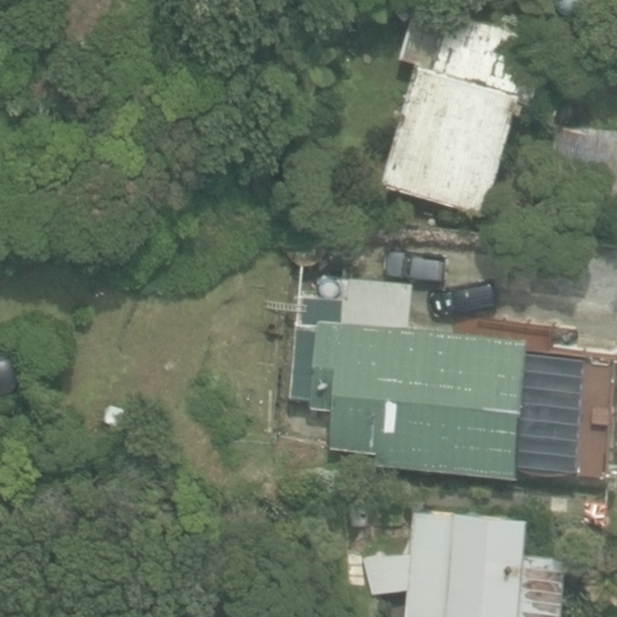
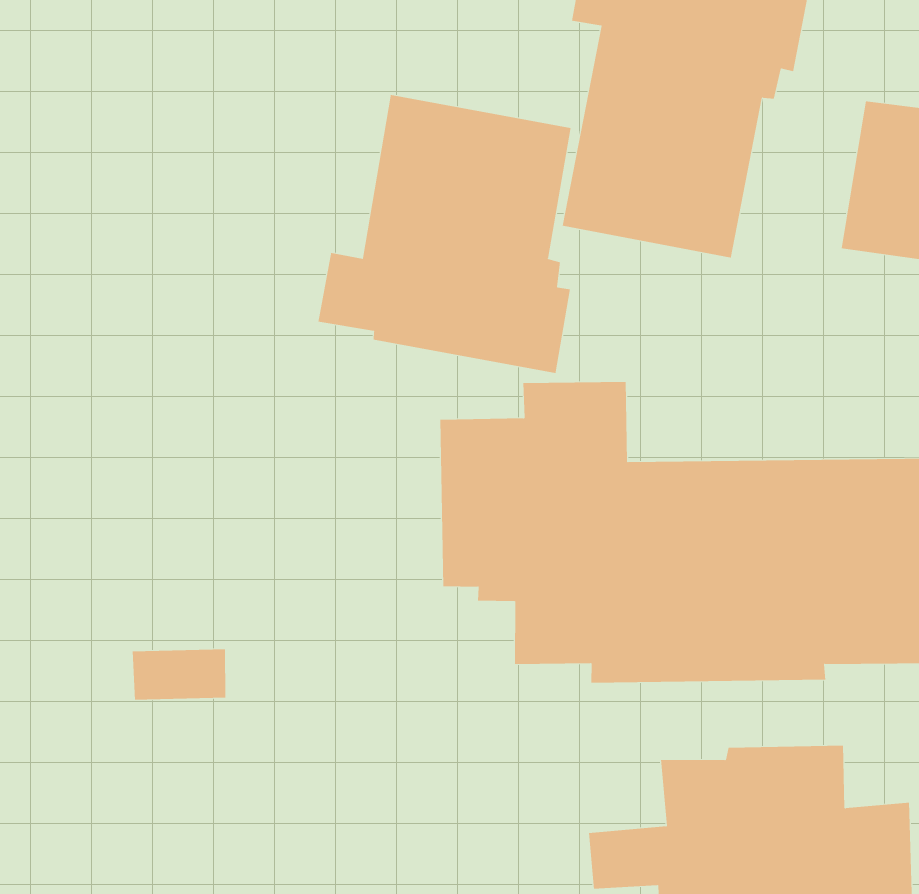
building: none -> [318,94,571,374]

